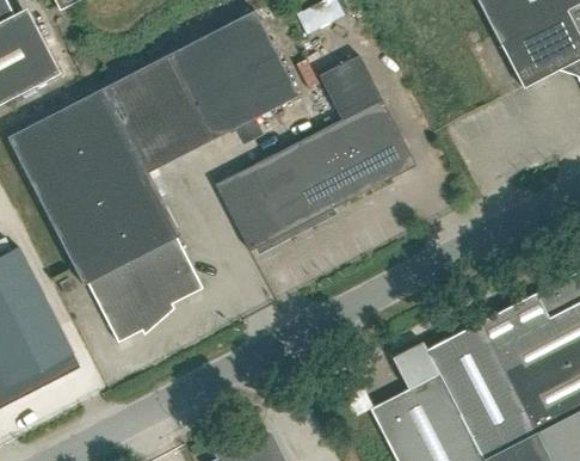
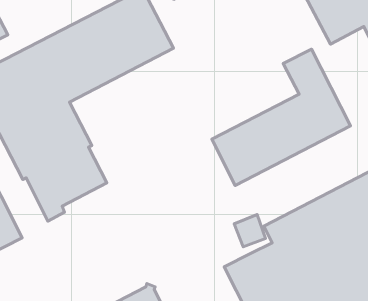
building: [216,56,415,252] -> [212,49,351,186]

